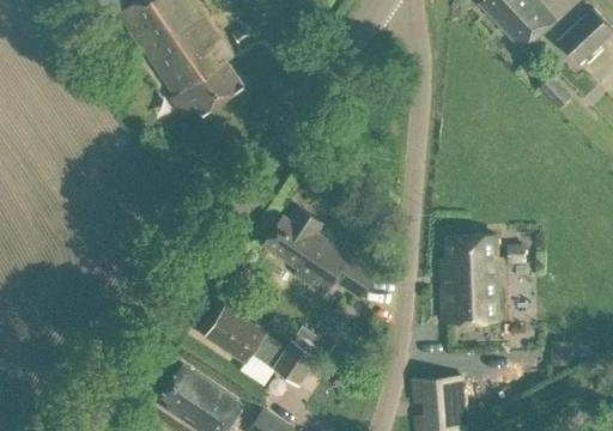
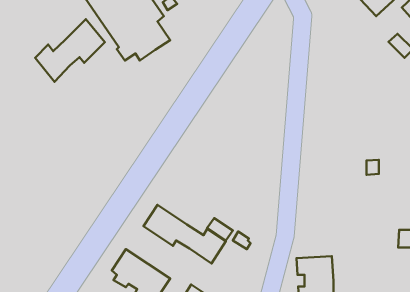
building: none -> [35,19,105,82]
building: [262,207,375,299] -> none
building: [441,236,504,322] -> none

